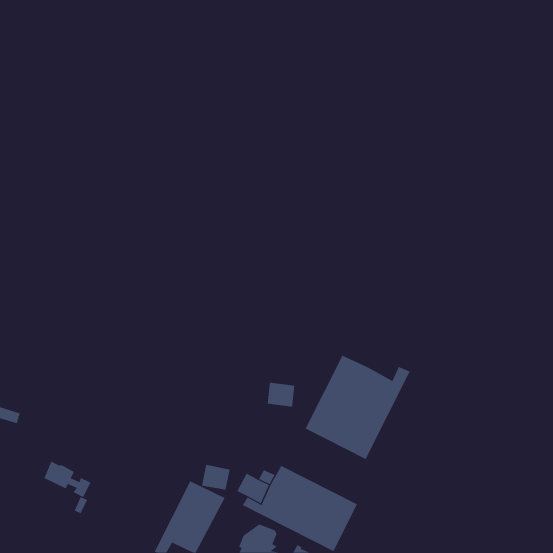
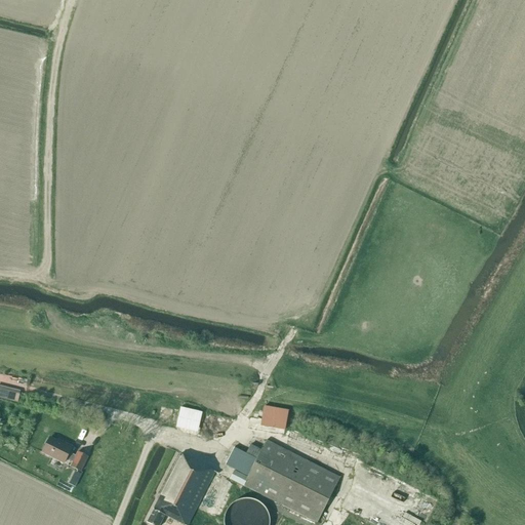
building: [305,355,411,460] -> none
building: [267,382,295,407] -> [262,405,289,429]
building: [201,464,230,490] -> [176,406,204,431]

